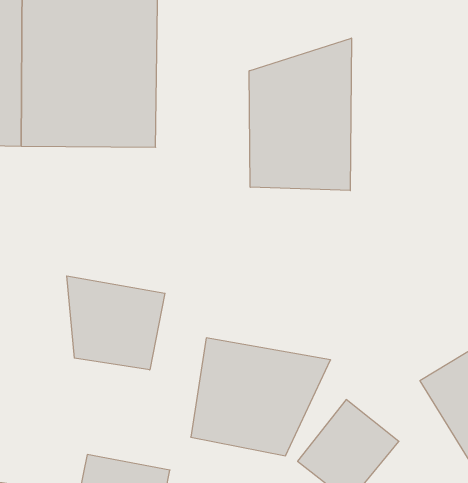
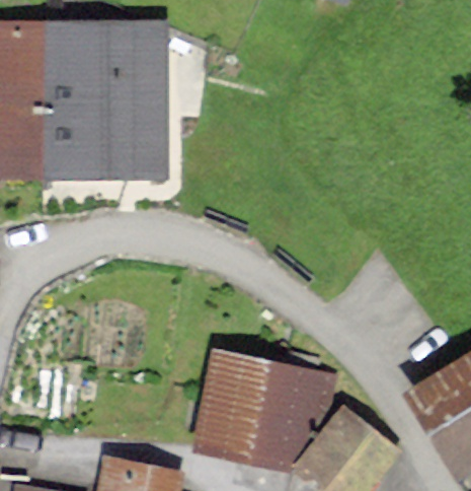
building: [249,38,351,191] -> none
building: [67,276,165,370] -> none

